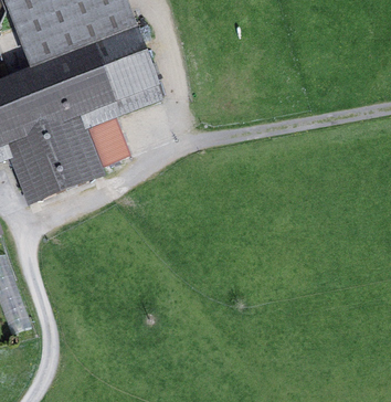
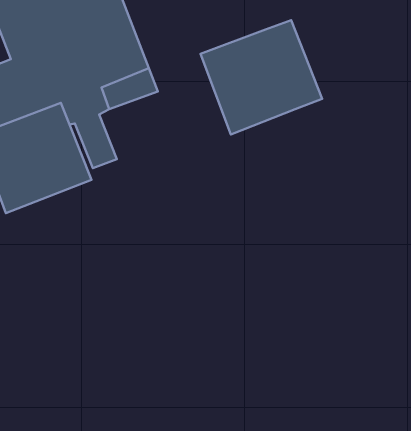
building: none -> [200,20,322,134]

